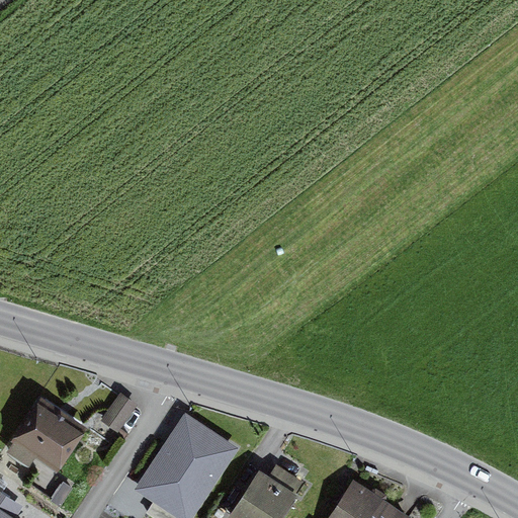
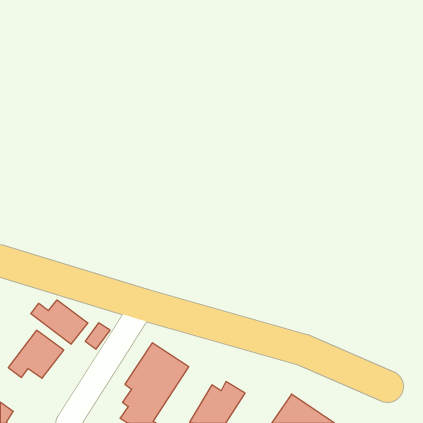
building: none -> [31,300,88,344]

